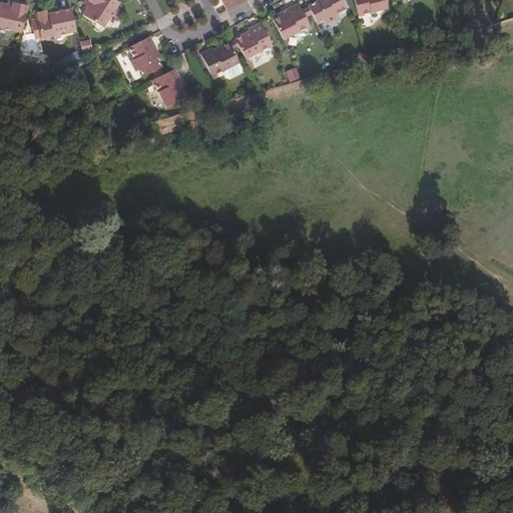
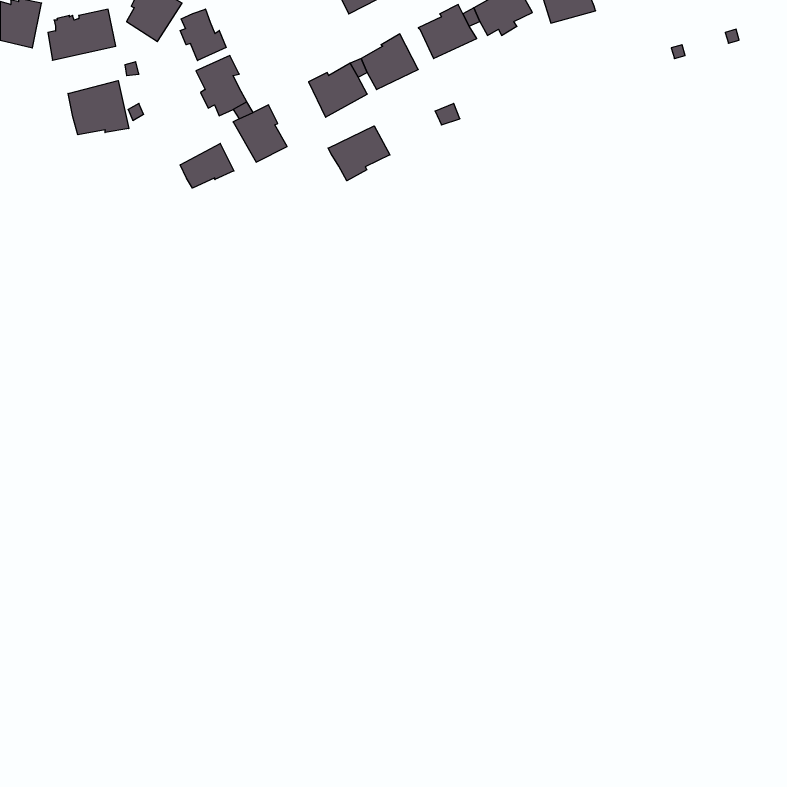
building: none -> [180,9,226,61]
building: none -> [68,81,129,135]
building: none -> [328,126,390,181]
building: none -> [180,143,234,188]

